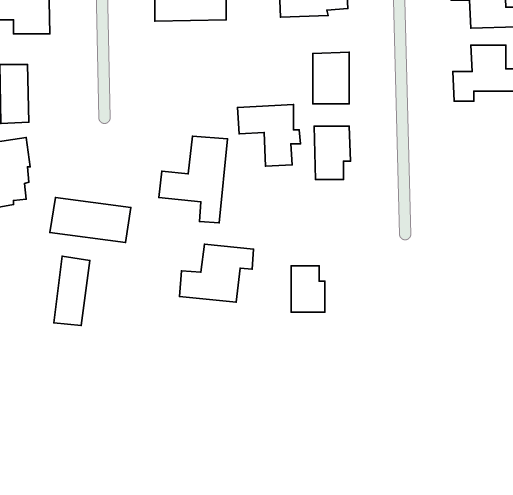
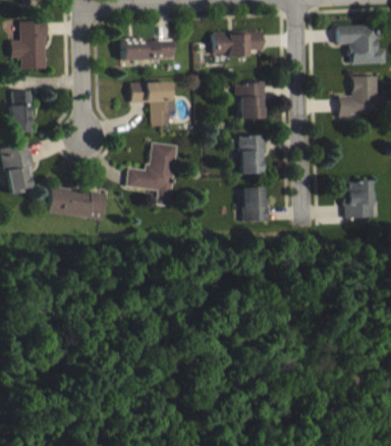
building: [238,105,301,166] -> [130,81,176,126]
building: none -> [344,180,373,218]
building: [180,244,254,302] -> none
building: [54,256,90,326] -> none
building: [291,266,325,312] -> [243,187,268,221]

